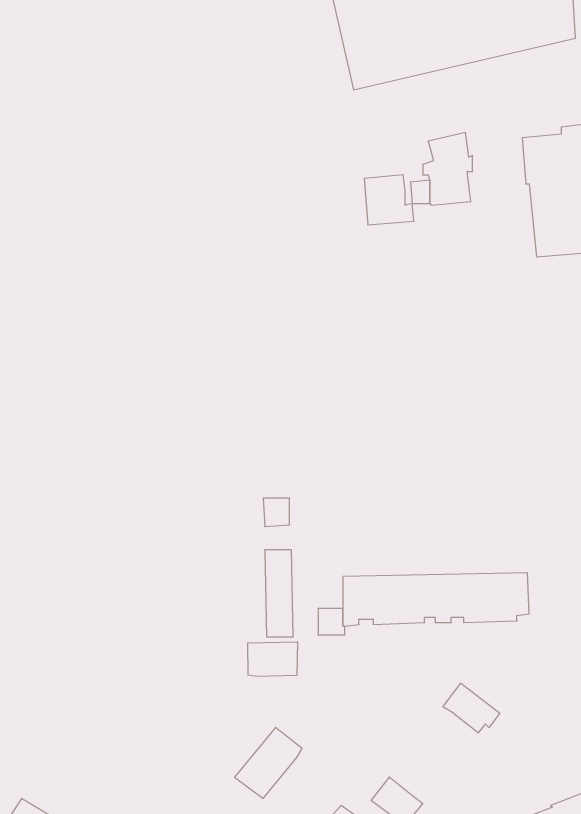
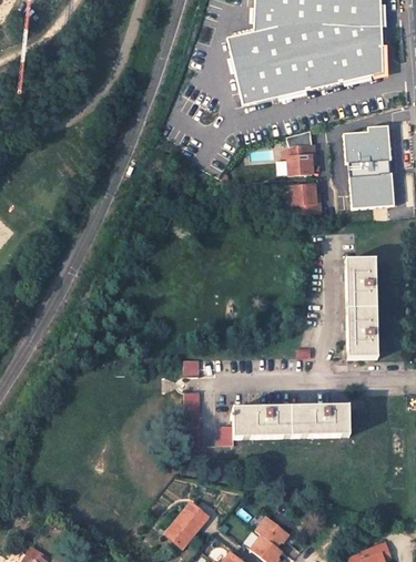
building: [364,175,414,225] -> [291,185,322,216]
building: none -> [345,259,377,359]
building: [248,642,297,676] -> none
building: [443,683,500,733] -> [256,515,292,546]

